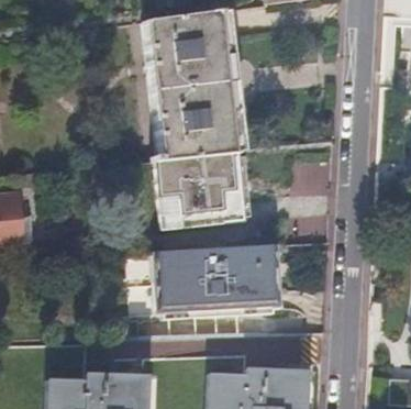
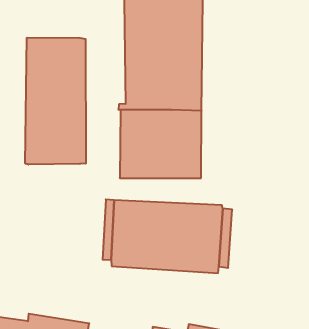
building: none -> [25,38,86,165]

